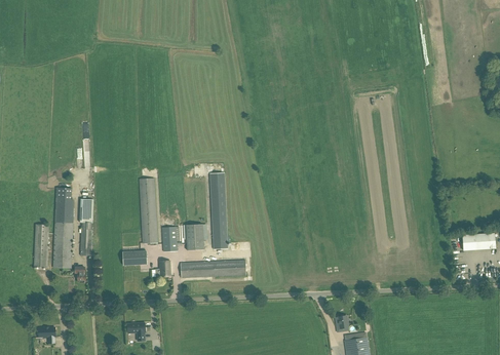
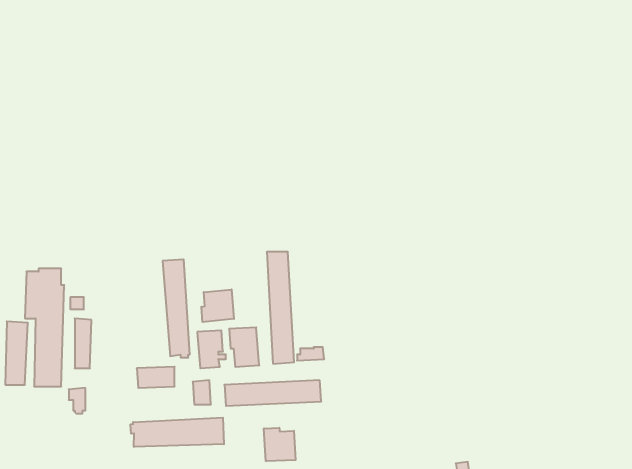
building: none -> [201,289,234,322]
building: none -> [130,418,224,447]
building: none -> [264,428,296,461]

